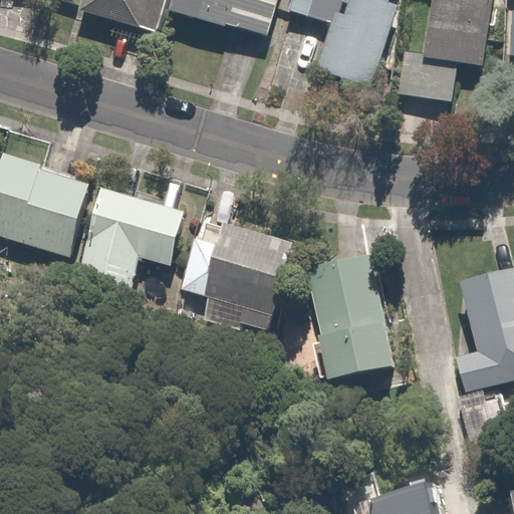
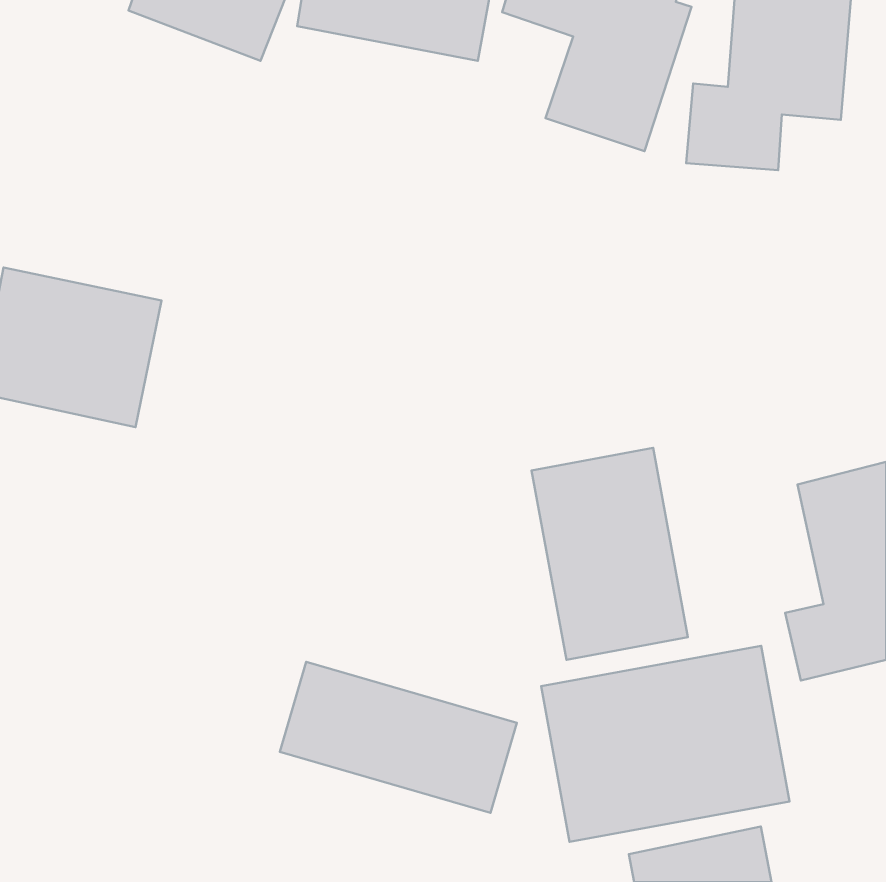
building: [71,188,190,297] -> none
building: [169,213,303,340] -> none
building: none -> [541,646,790,842]
building: none -> [280,662,517,813]

